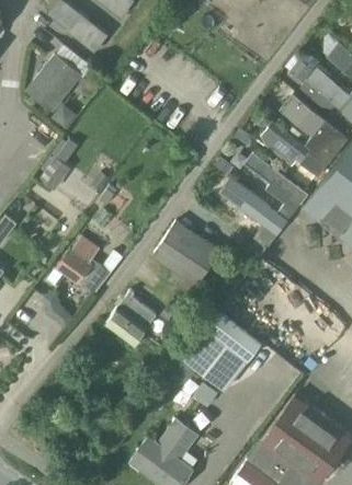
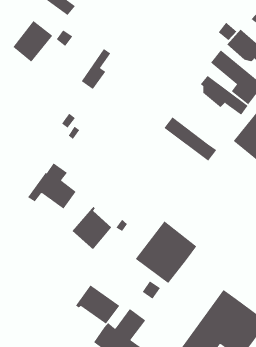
building: [37,140,76,193] -> [81,48,111,90]
building: [242,154,307,221] -> none
building: [152,221,218,284] -> none
building: none -> [75,285,120,324]

